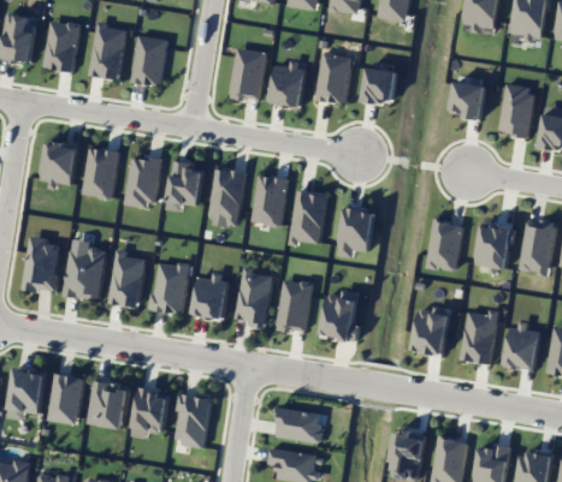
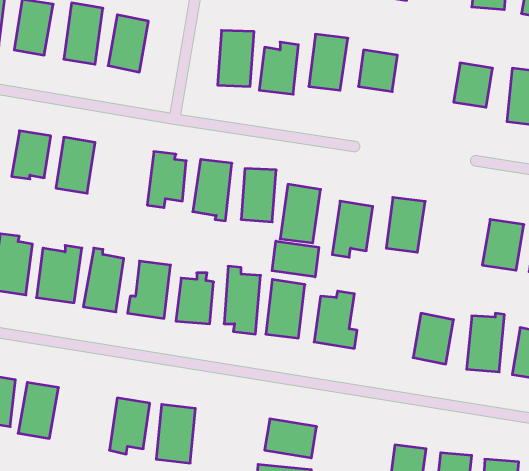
building: [125,154,161,208] -> none
building: [427,220,463,270] -> [386,197,425,252]
building: none -> [272,241,319,277]
building: [88,380,131,429] -> none

